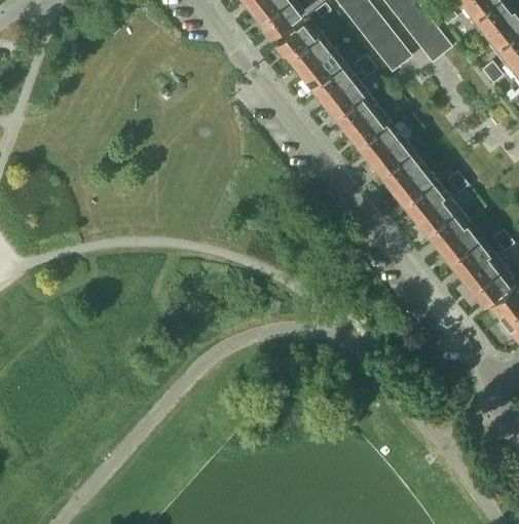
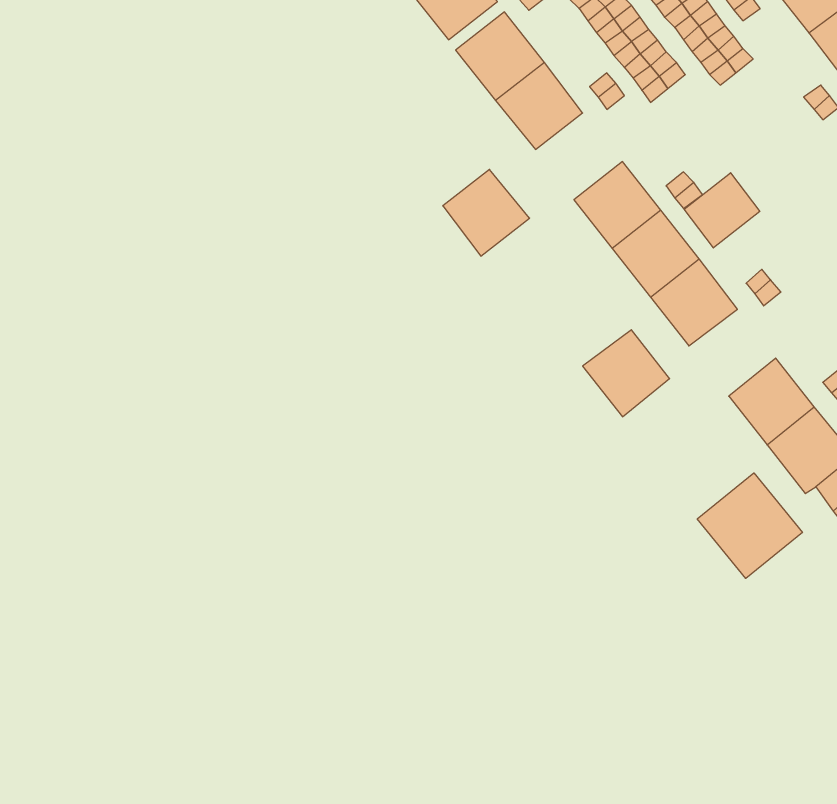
building: [321,76,372,127] -> [443,169,530,256]
building: none -> [684,173,760,248]
building: [411,192,462,244] -> [583,330,670,417]
building: none -> [697,473,802,578]

